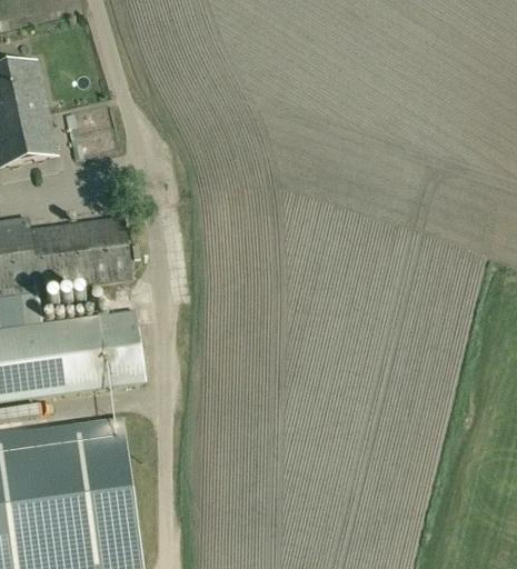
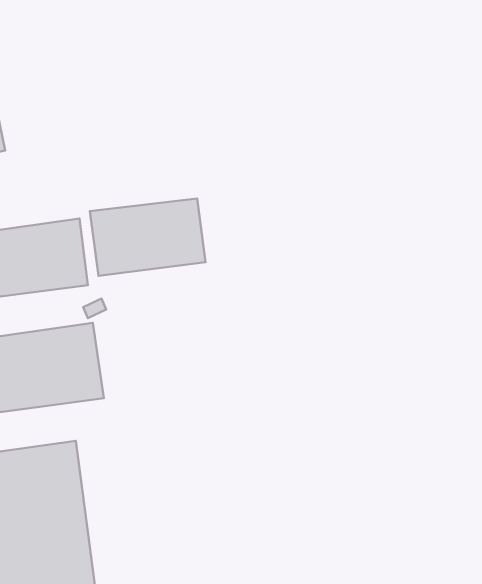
building: none -> [90,198,206,276]

